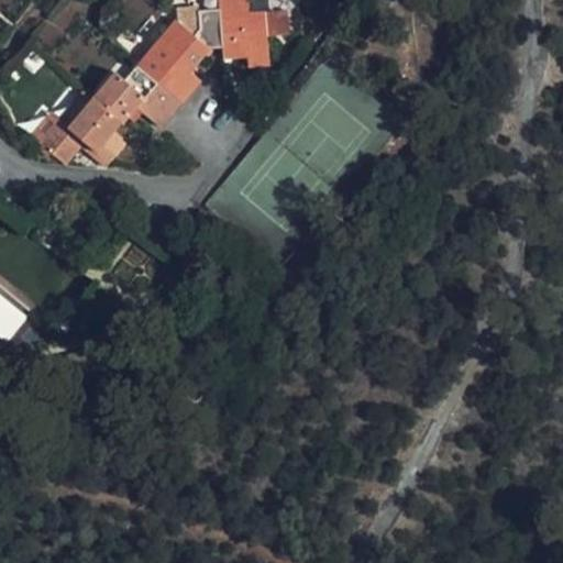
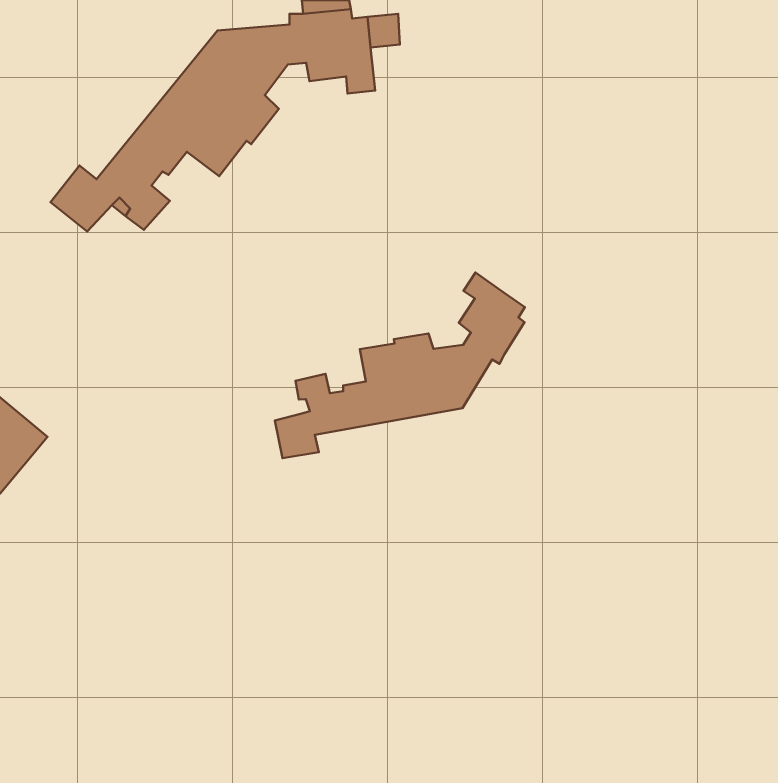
building: none -> [275,272,525,458]

